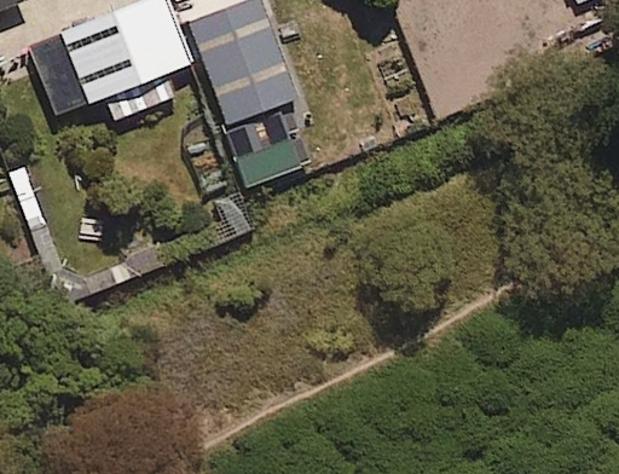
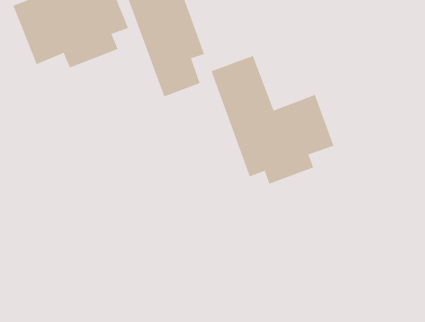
building: none -> [211,55,334,185]

